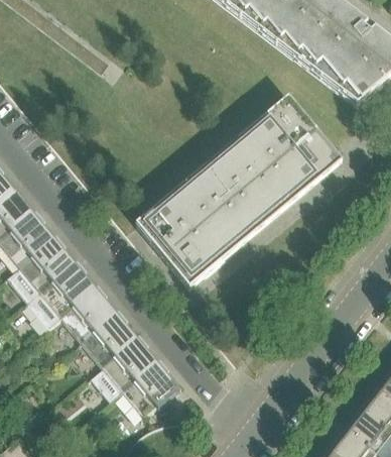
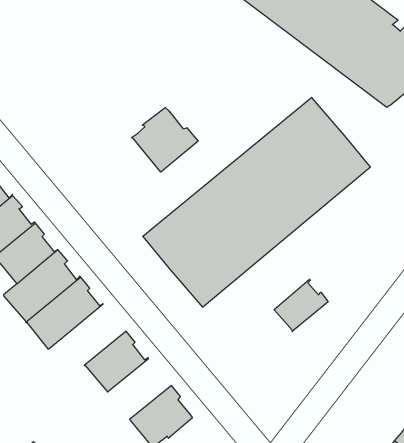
building: none -> [132,107,198,172]
building: none -> [274,279,328,332]
building: [60,287,119,343] -> none
building: [90,337,160,403] -> none

